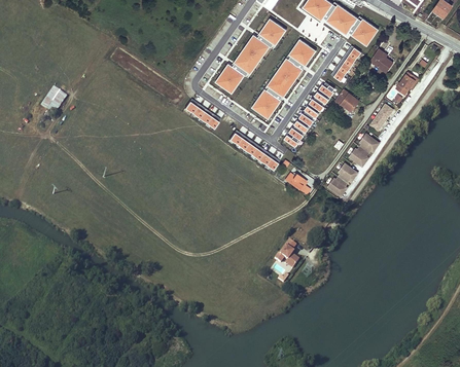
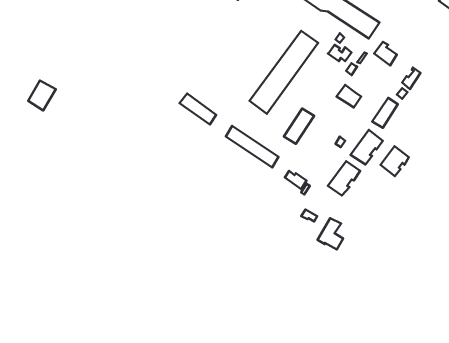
building: [214,17,284,94] -> none
building: [307,82,334,117] -> none
building: none -> [380,146,409,176]
building: [274,240,298,269] -> [317,218,343,249]

